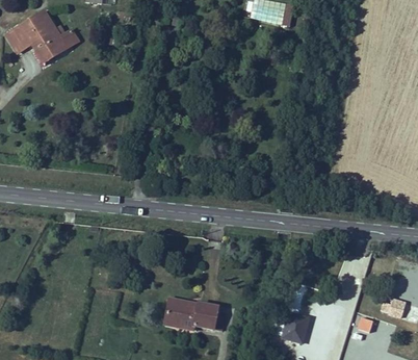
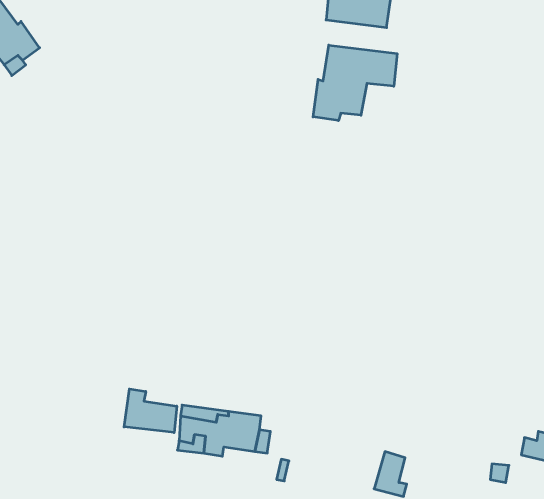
building: none -> [313,45,397,121]
building: none -> [124,389,177,433]

